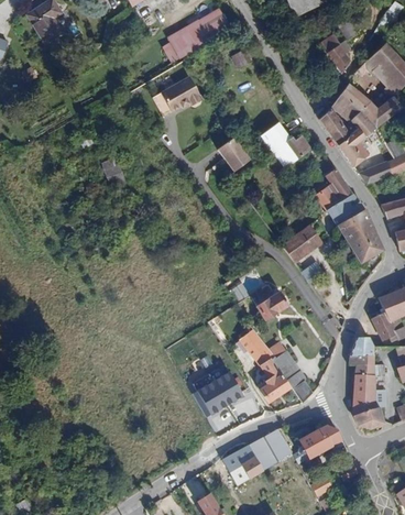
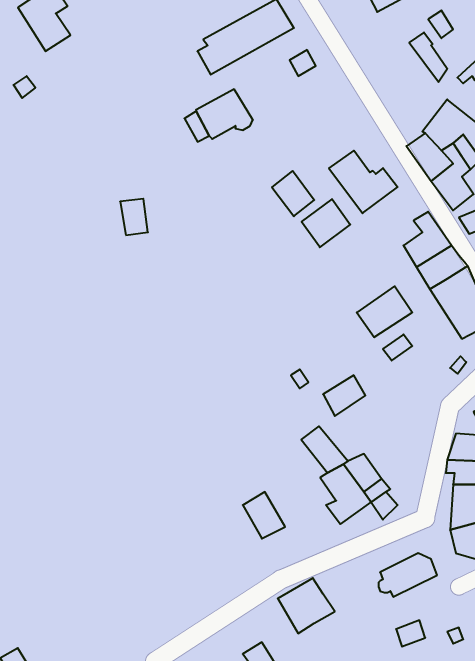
building: none -> [302,199,350,247]
building: [212,371,243,406] -> none
building: [249,430,292,470] -> none

